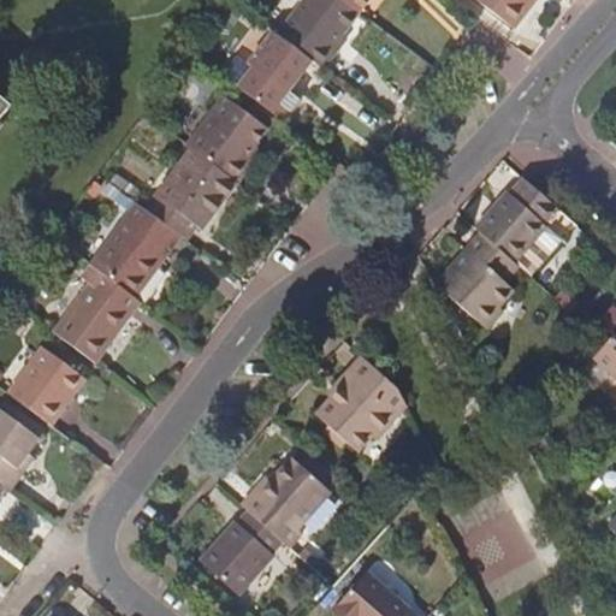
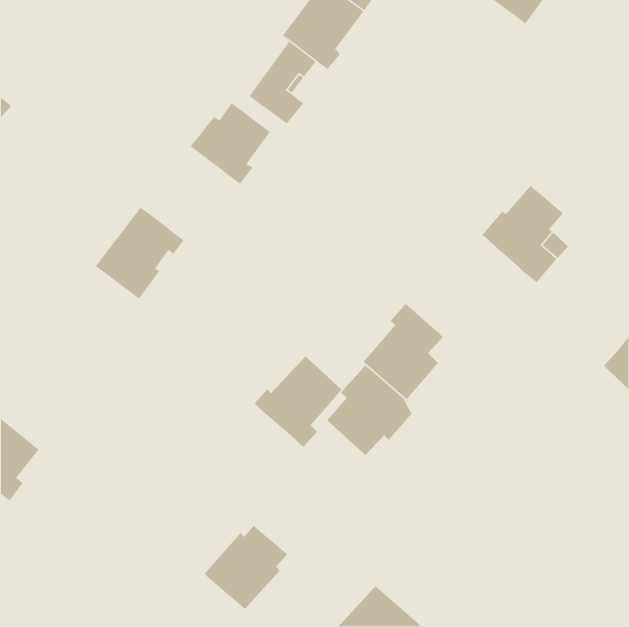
building: [144,147,235,237] -> none
building: [433,233,513,328] -> [362,303,444,400]
building: [53,280,129,359] -> none
building: [11,346,85,422] -> none
building: [241,458,327,549] -> [254,355,342,448]

